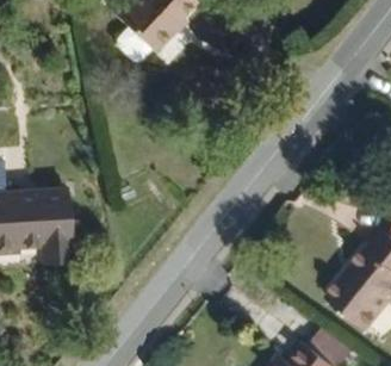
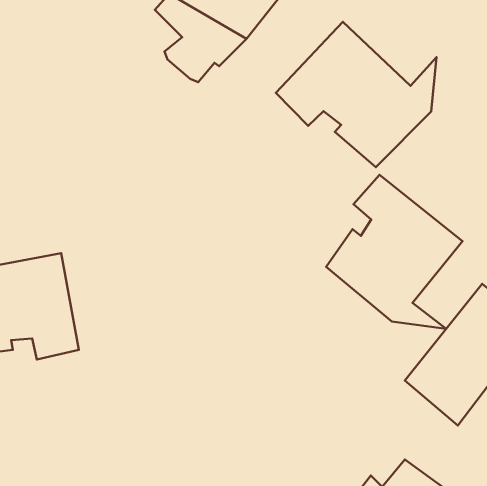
building: none -> [276,22,437,167]
building: none -> [326,175,463,329]

